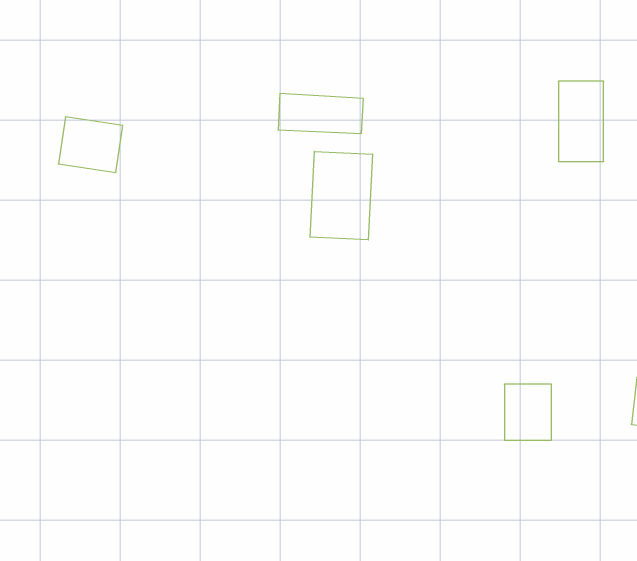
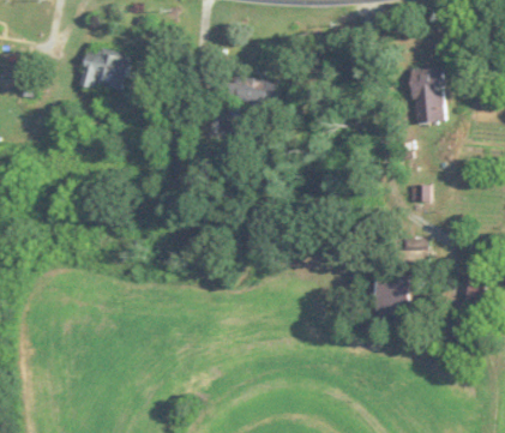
building: [58,117,123,173] -> [80,50,125,89]
building: [310,151,372,240] -> none

